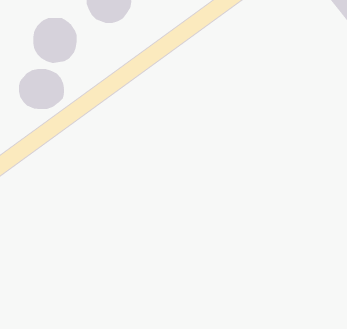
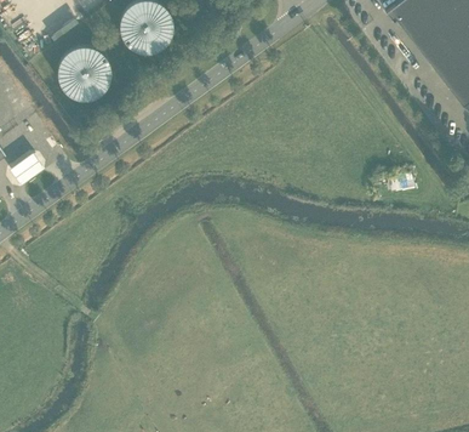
building: [18,68,64,110] -> none

